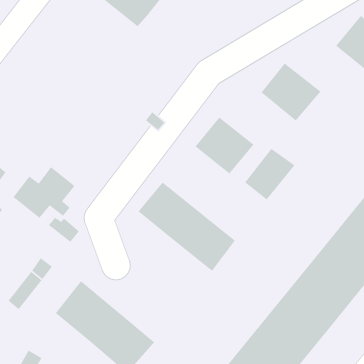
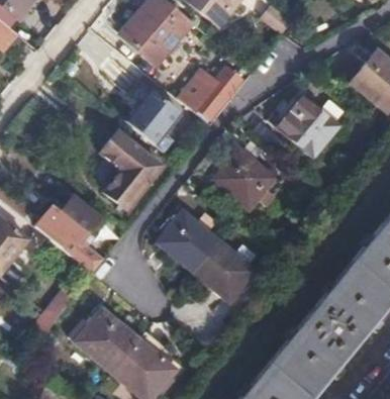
building: none -> [173,67,242,121]
building: none -> [125,81,182,145]
building: none -> [100,132,161,208]
building: [244,148,295,201] -> none

